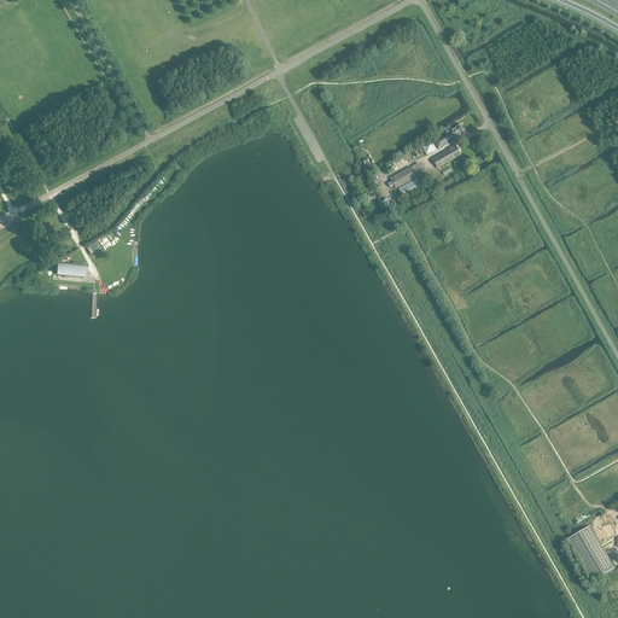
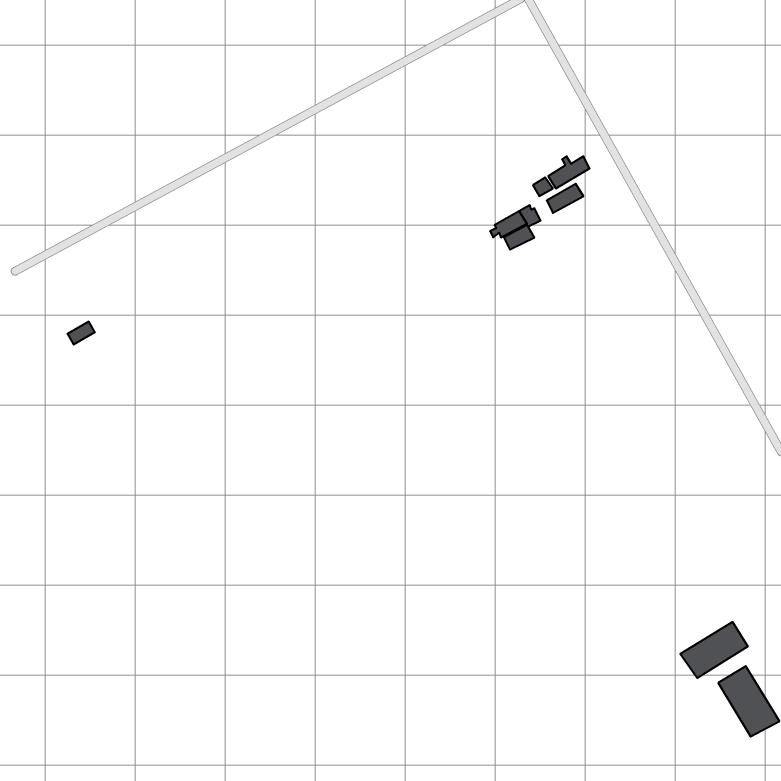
building: none -> [680,622,748,678]

